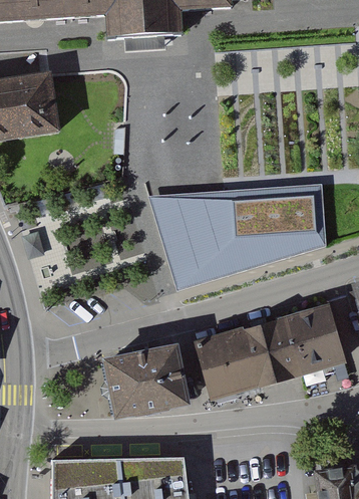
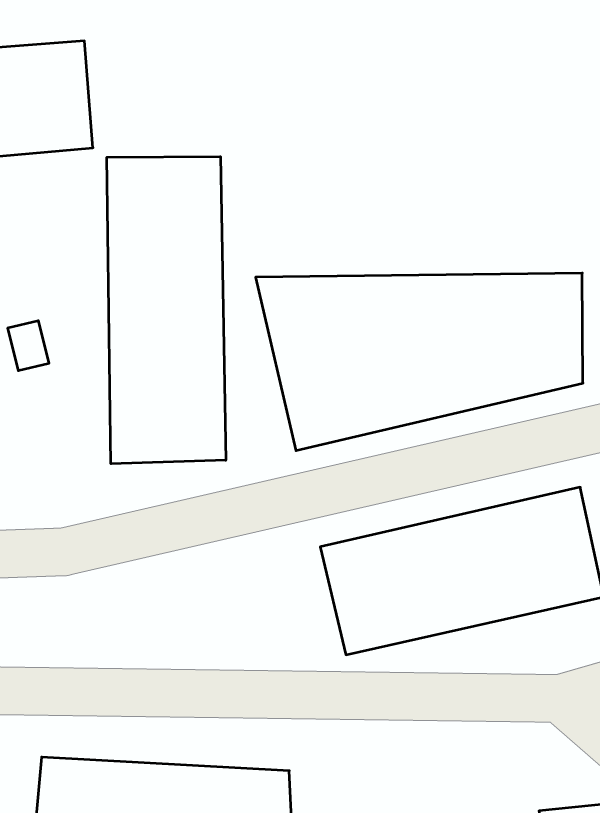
building: none -> [107,157,226,464]
building: [104,346,189,419] -> none

